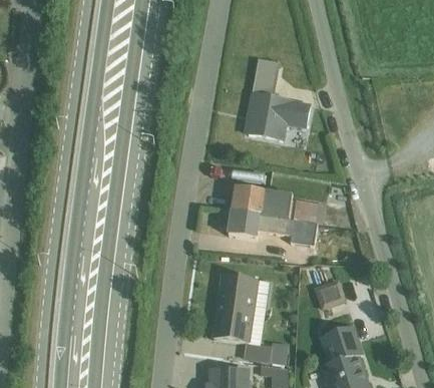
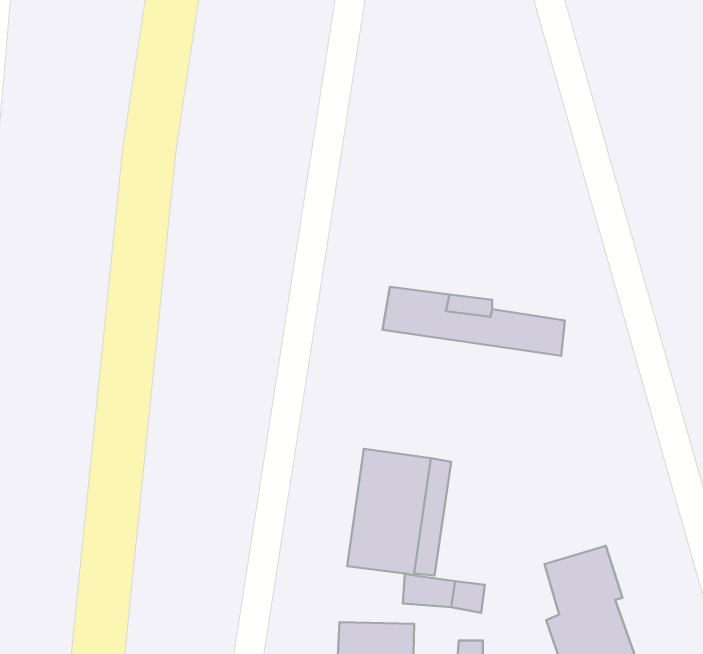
building: [249,59,310,139] -> none
building: [230,210,316,243] -> none
building: [314,279,347,308] -> none

